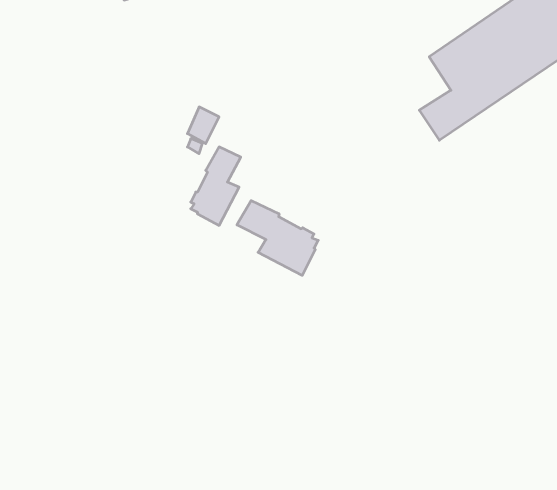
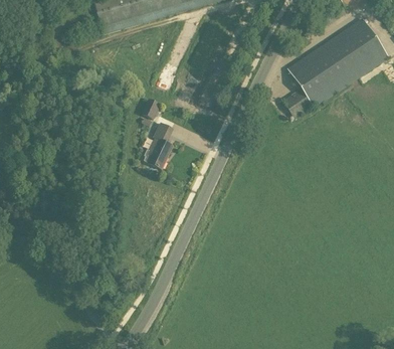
building: [237,201,318,275] -> none

